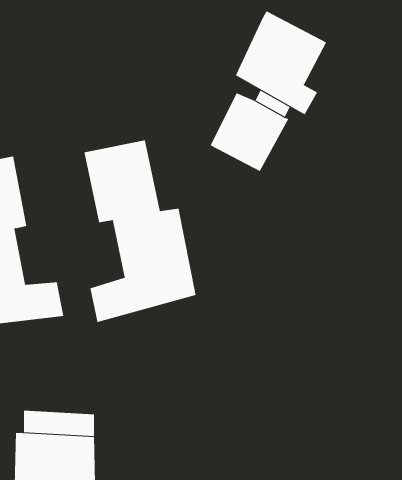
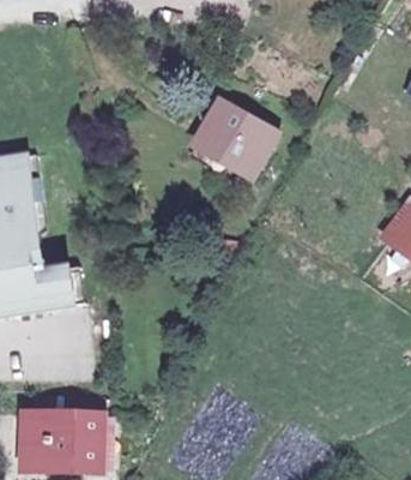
building: [235,10,327,115] -> none
building: [84,139,196,323] -> none

